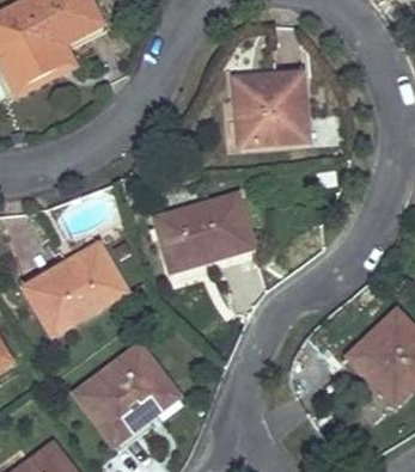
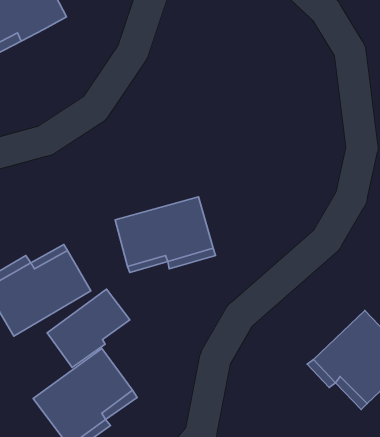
building: [226,71,310,148] -> none
building: none -> [47,289,130,367]

